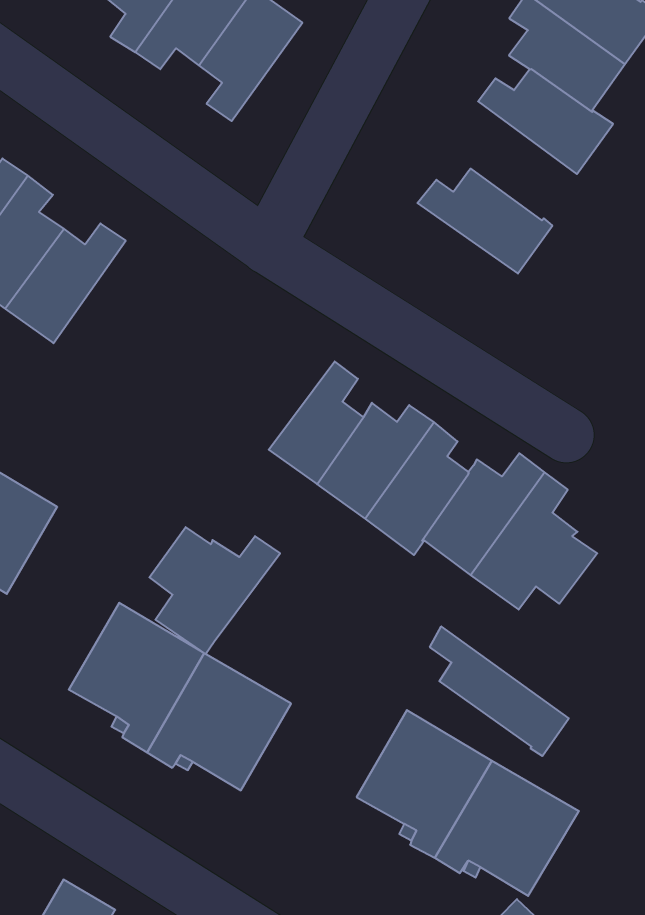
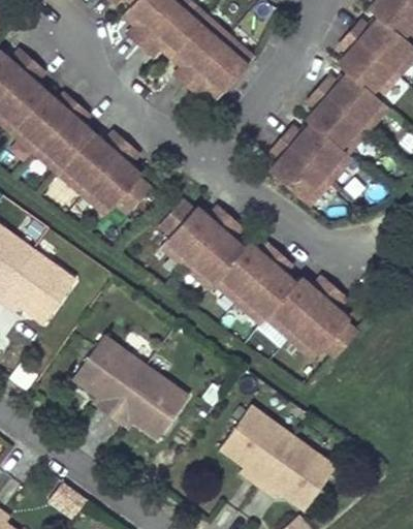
building: none -> [187,36,253,95]
building: none -> [306,87,367,153]
building: none -> [268,137,330,205]
building: none -> [82,143,150,214]
building: [149,527,280,654] -> [159,198,229,267]
building: [430,626,569,756] -> none

